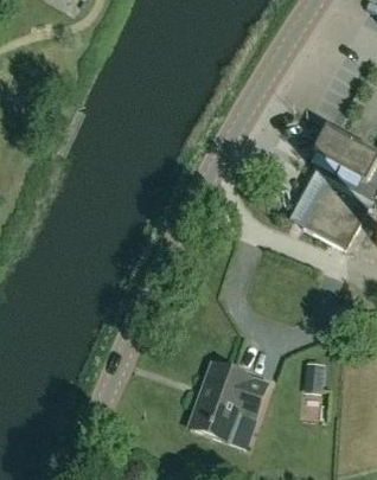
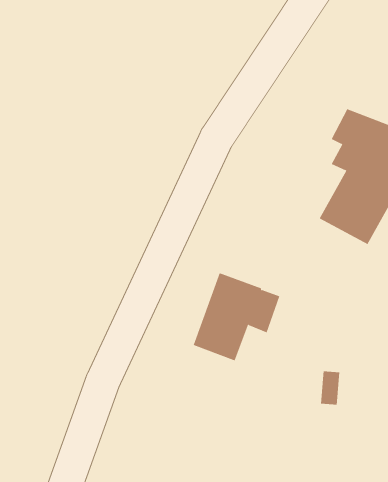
building: [189,361,267,441] -> [193,272,280,361]

